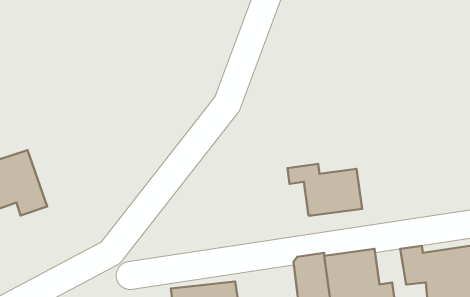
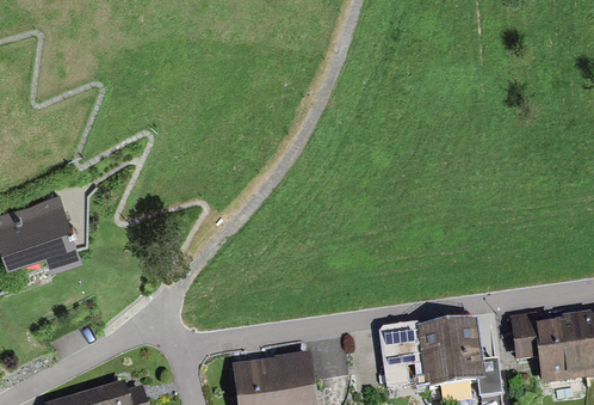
building: [288,164,362,216] -> none

